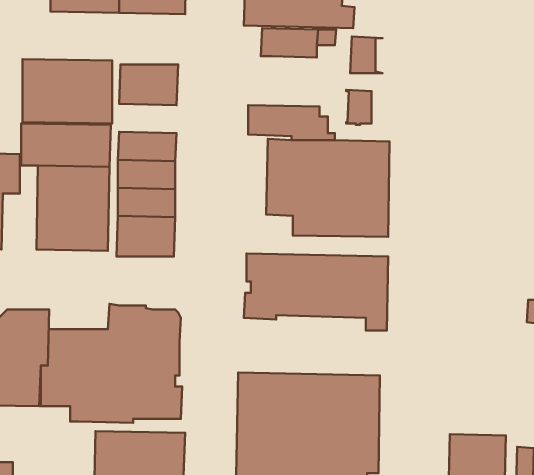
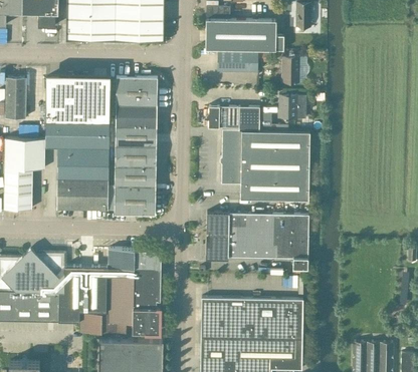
building: none -> [116,105,157,126]

